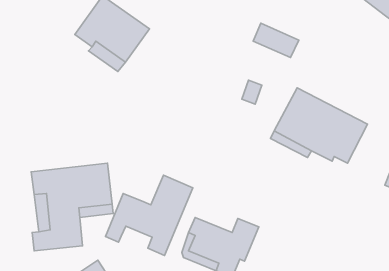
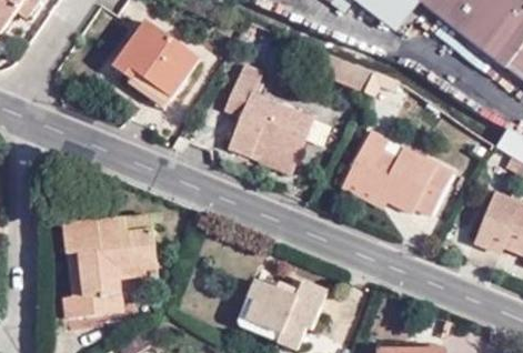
building: none -> [227,63,313,172]
building: [105,175,193,255] -> none

